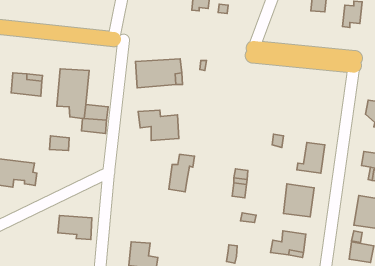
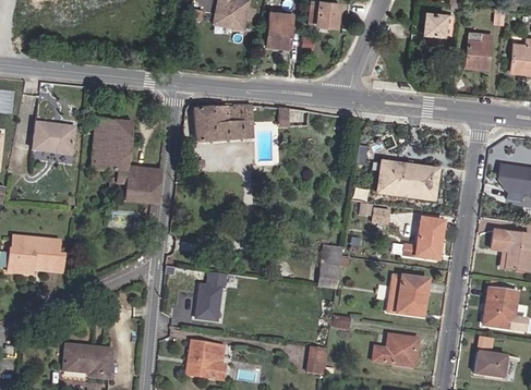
building: none -> [376,159,439,202]
building: [138,110,179,140] -> none
building: [50,136,69,151] -> none
building: [169,155,194,192] -> [194,273,228,322]
building: [58,215,92,239] -> [60,344,105,376]

